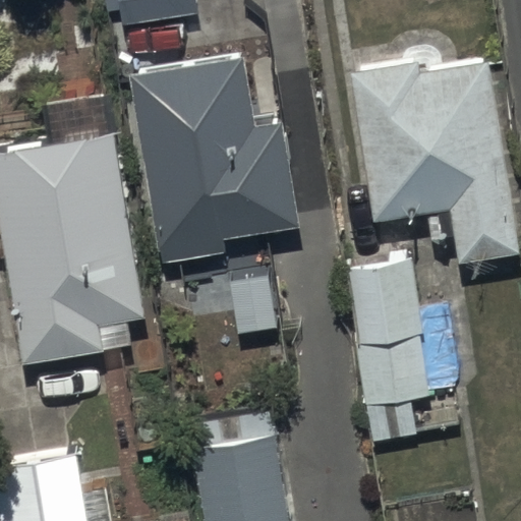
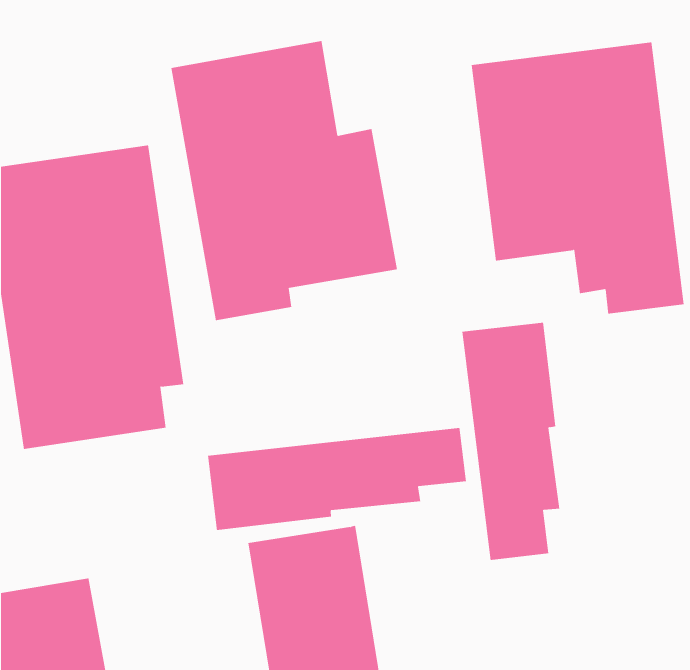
building: none -> [208,427,466,531]

